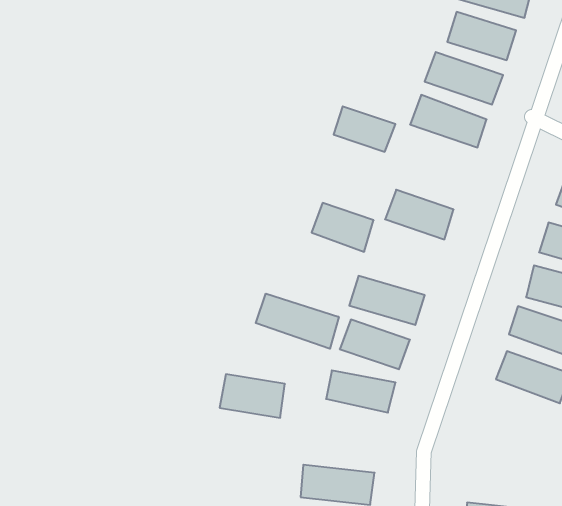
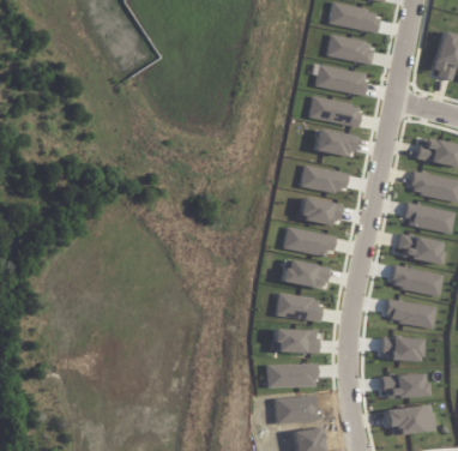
building: [334,106,395,152] -> [314,130,356,157]
building: [312,203,374,252] -> [299,197,341,227]
building: [256,294,339,349] -> none
building: [220,374,285,418] -> [273,329,317,354]
building: none -> [385,300,436,326]
building: none -> [381,337,421,361]

